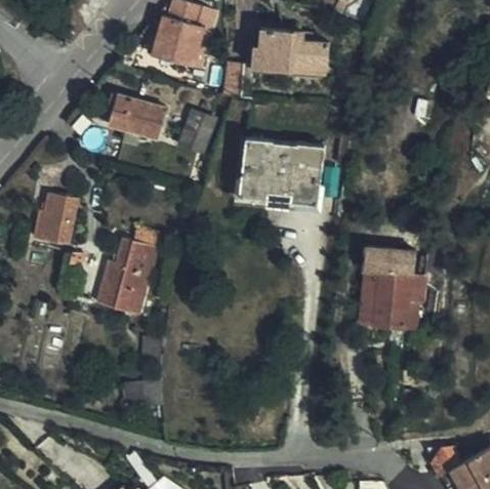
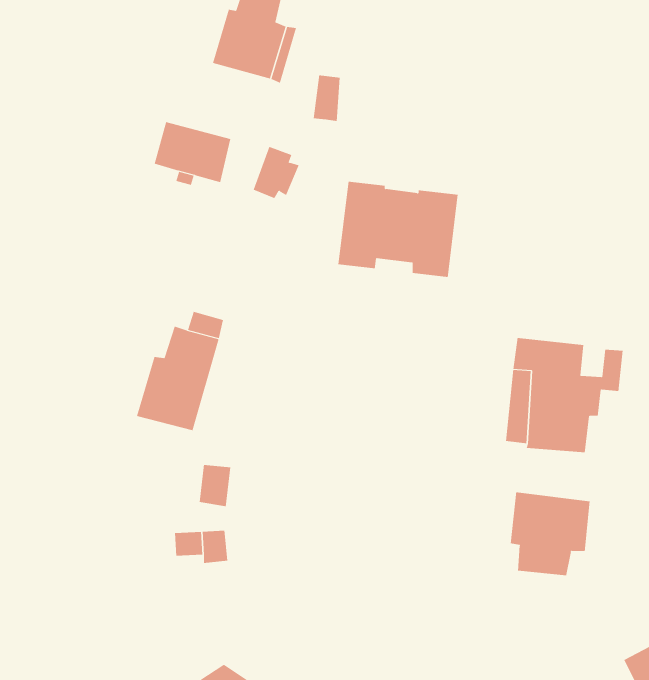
building: [252,30,326,69] -> none
building: [36,195,76,244] -> none
building: none -> [510,491,590,576]

